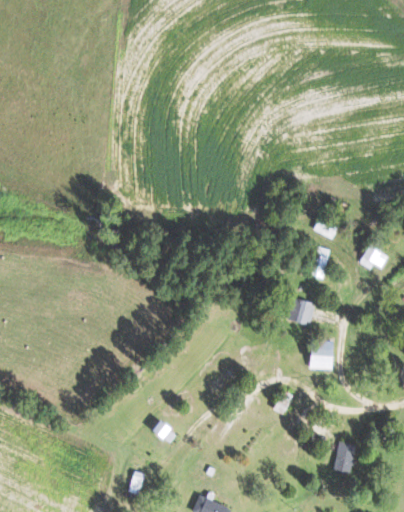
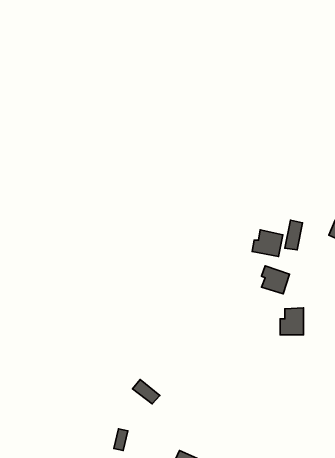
building: none -> [252,230,283,256]
building: [334,441,357,473] -> none

